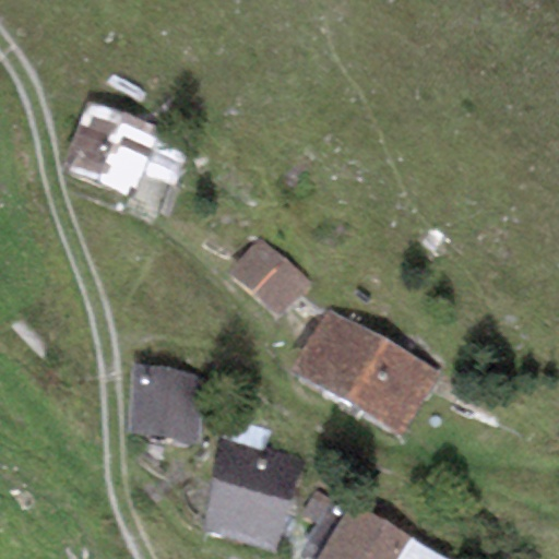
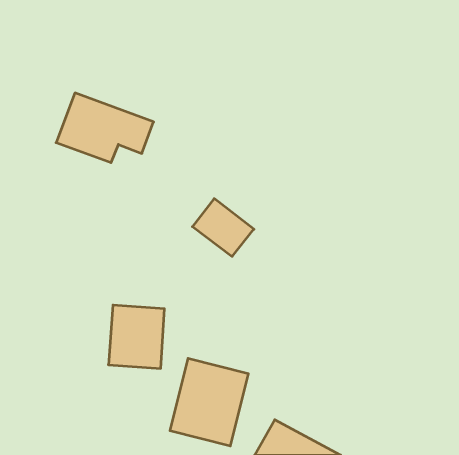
building: [301,317,435,430] -> none

